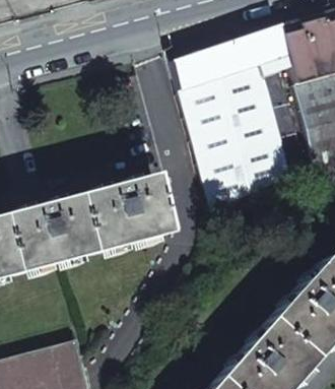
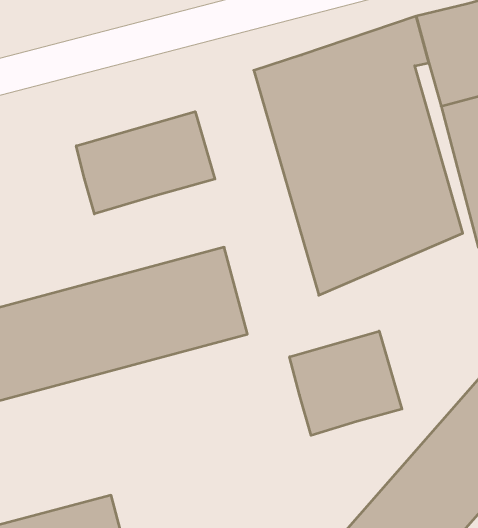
building: none -> [76,112,215,214]
building: none -> [290,331,402,435]

